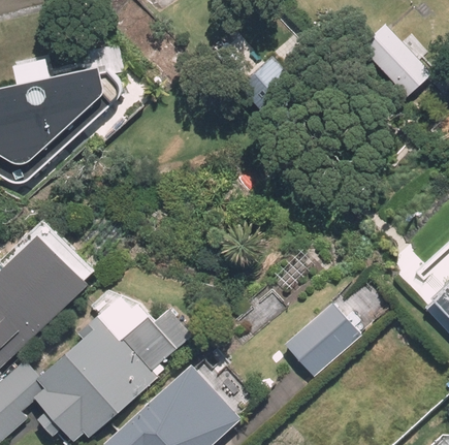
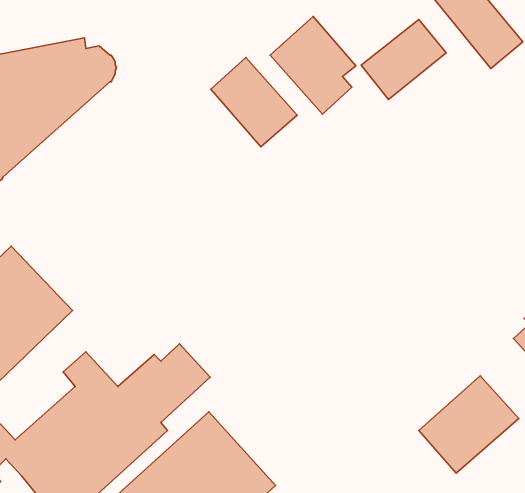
building: none -> [361,20,446,100]
building: none -> [211,58,297,147]
building: [282,304,359,379] -> [419,376,519,473]

